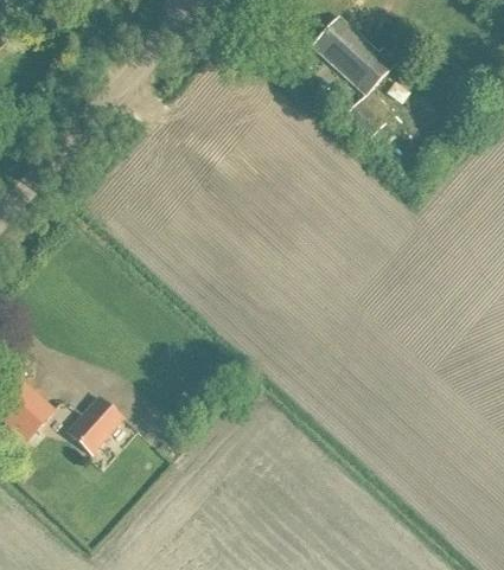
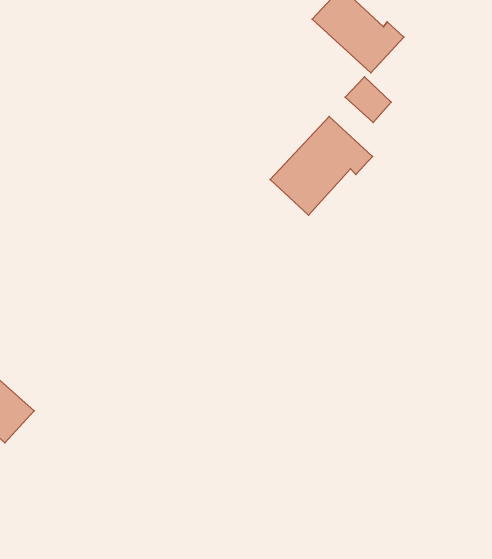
building: none -> [270,117,372,215]
building: [65,395,125,455] -> none

